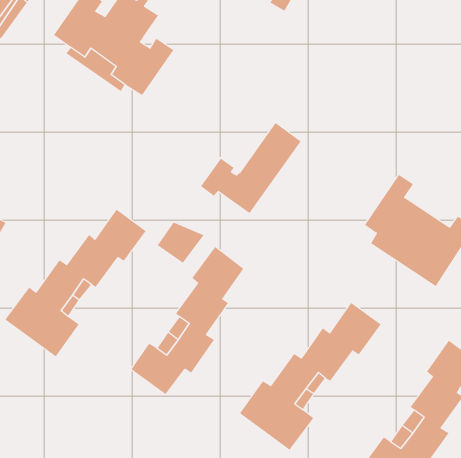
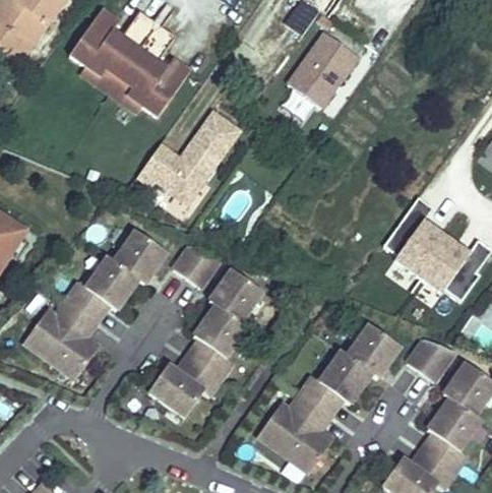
building: none -> [287,35,357,110]
building: [200,122,302,214] -> [135,115,237,206]
building: none -> [410,336,456,378]

